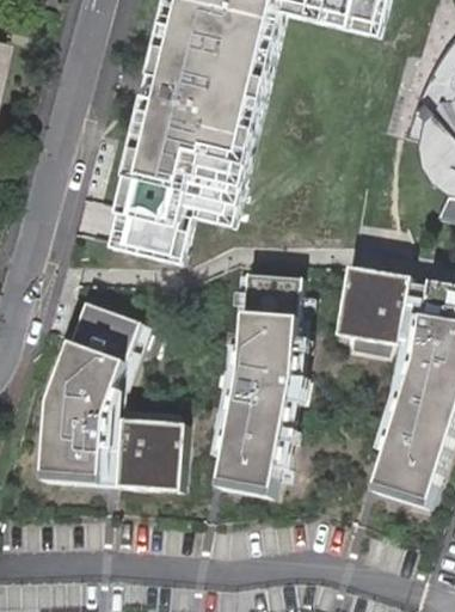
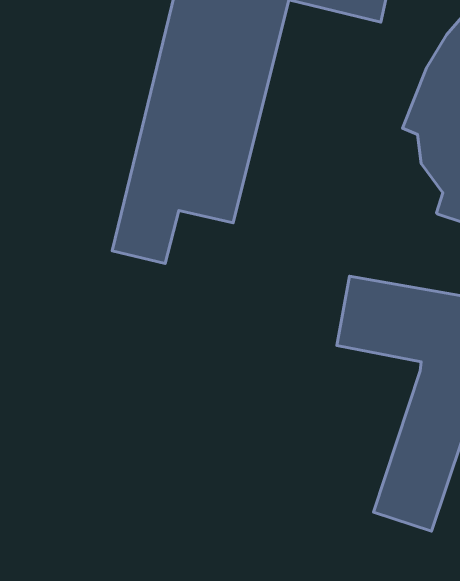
building: [211,275,297,498] -> none
building: [38,300,179,490] -> none

